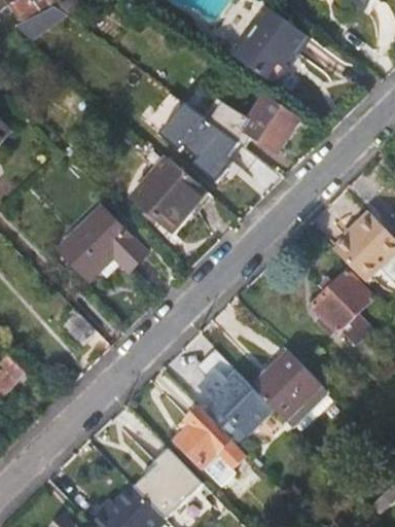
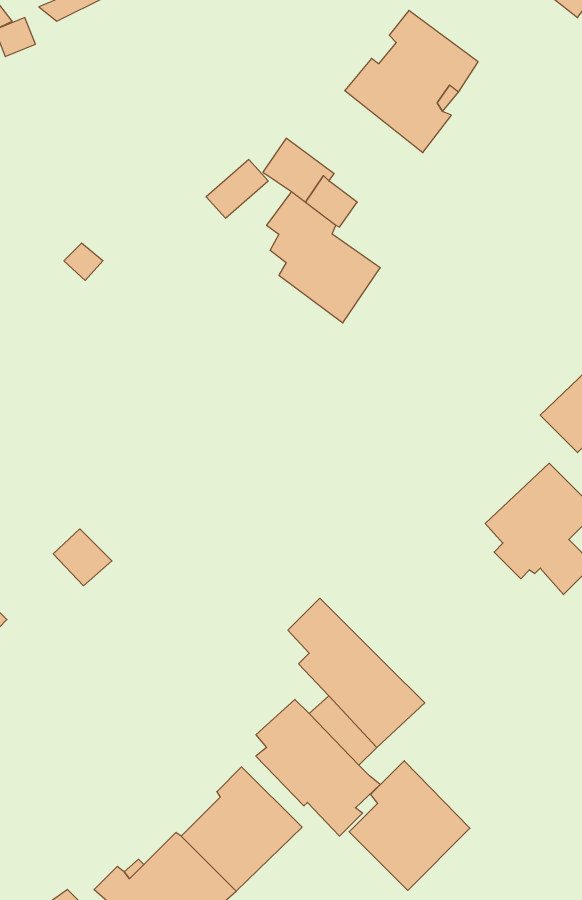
building: [243,96,298,151] -> none
building: [130,154,199,227] -> none
building: [60,209,146,281] -> none
building: [253,347,323,422] -> [349,761,470,890]

